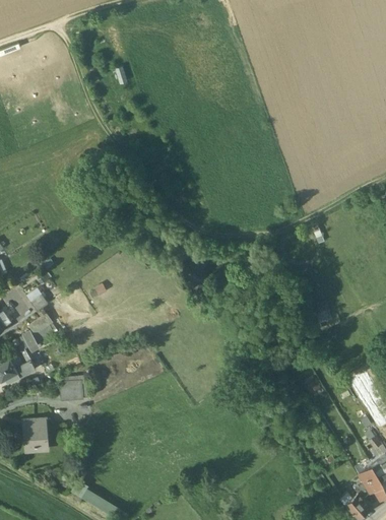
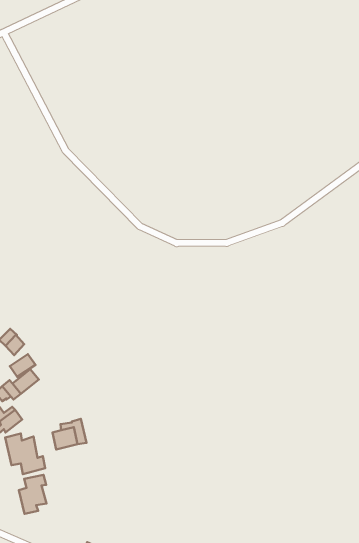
building: none -> [5,434,45,474]

